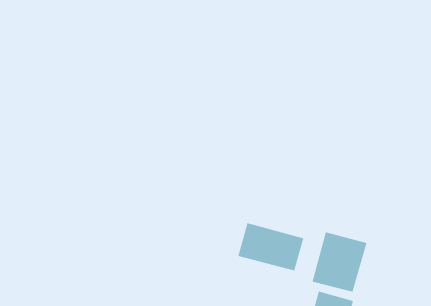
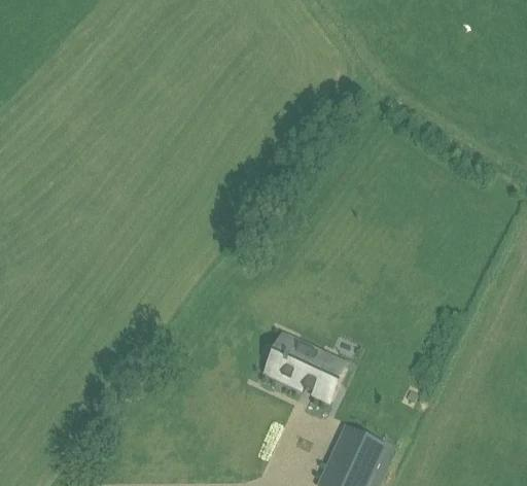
building: [312,231,367,293] -> none

